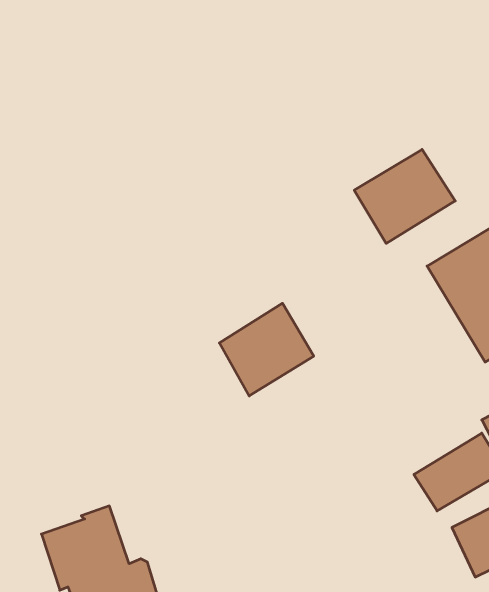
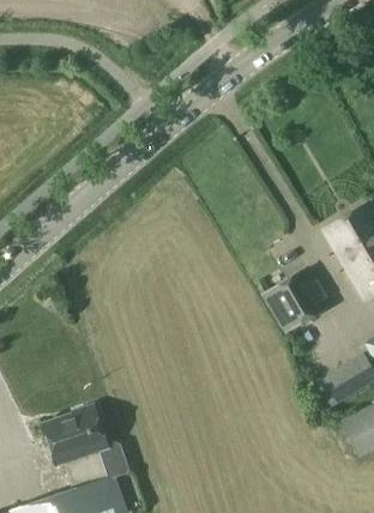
building: [354,149,455,243] -> none
building: [219,303,314,396] -> [263,267,331,334]

